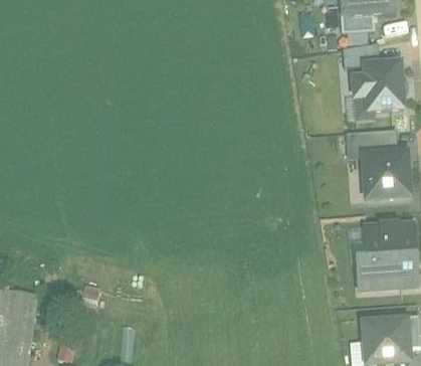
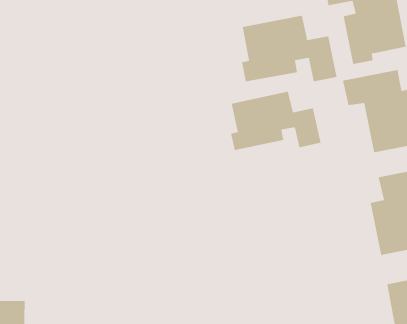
building: none -> [241,15,337,82]
building: none -> [231,91,321,151]

